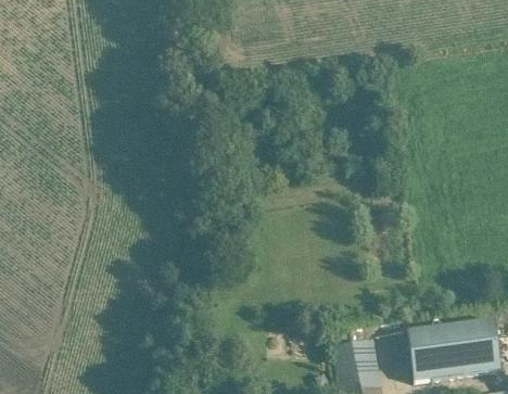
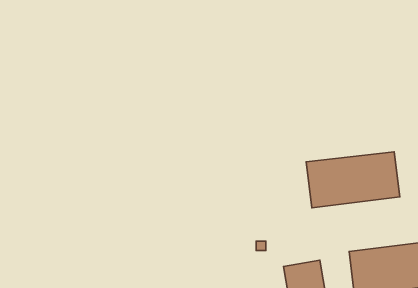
building: none -> [306,152,400,208]

